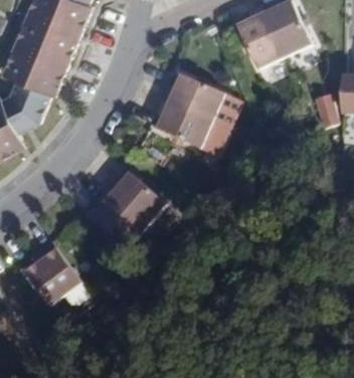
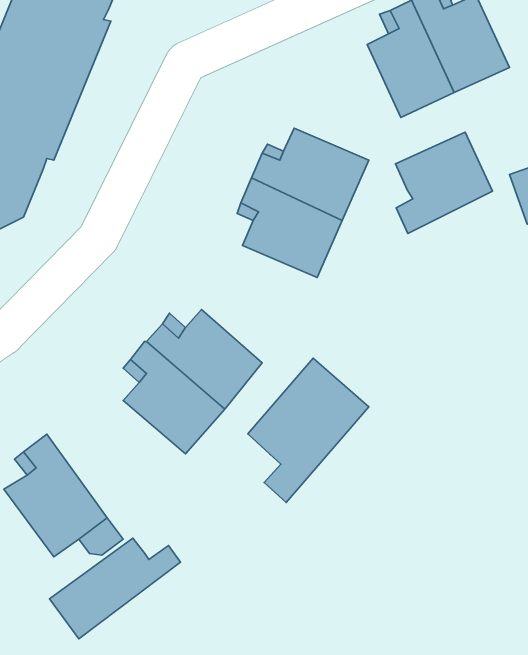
building: none -> [395,132,493,234]
building: none -> [248,358,369,503]
building: none -> [50,538,180,639]

